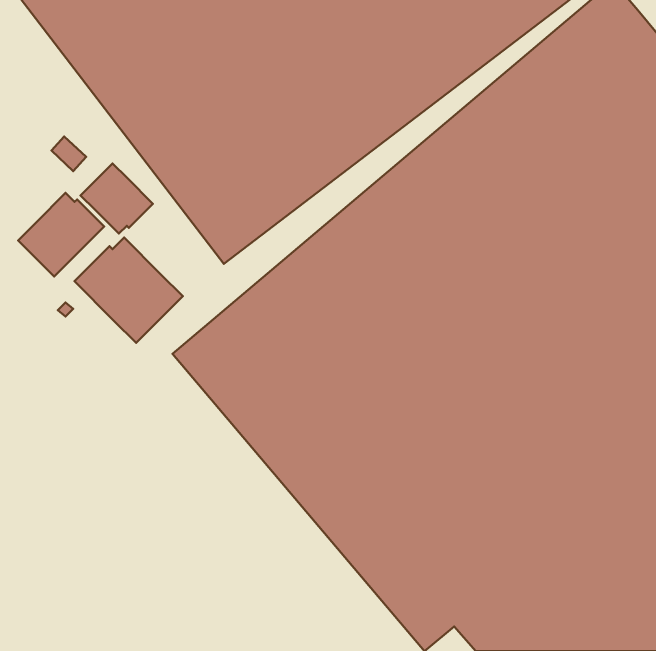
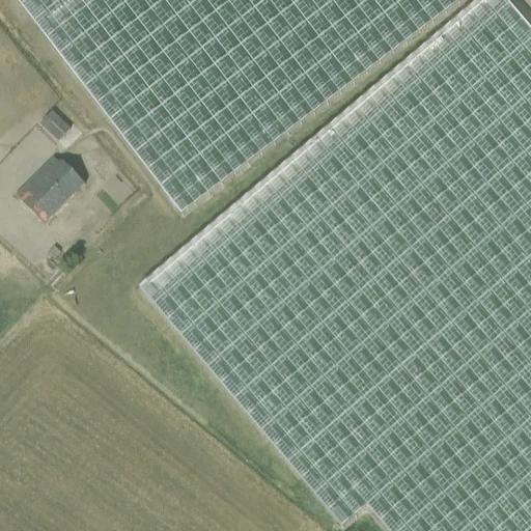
building: [81,163,153,234] -> none
building: [74,238,183,343] -> none

